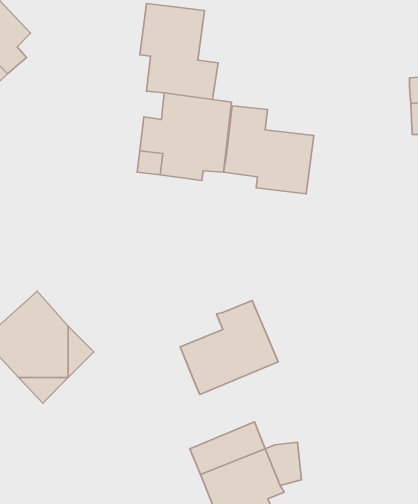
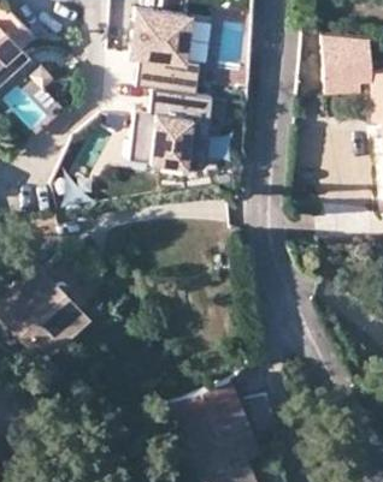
building: none -> [320,40,371,85]
building: [223,106,314,194] -> none
building: [180,300,278,394] -> none

